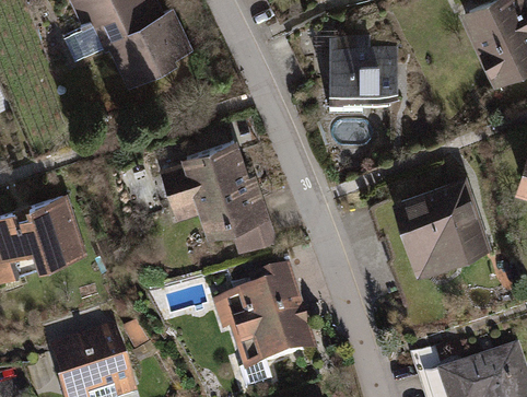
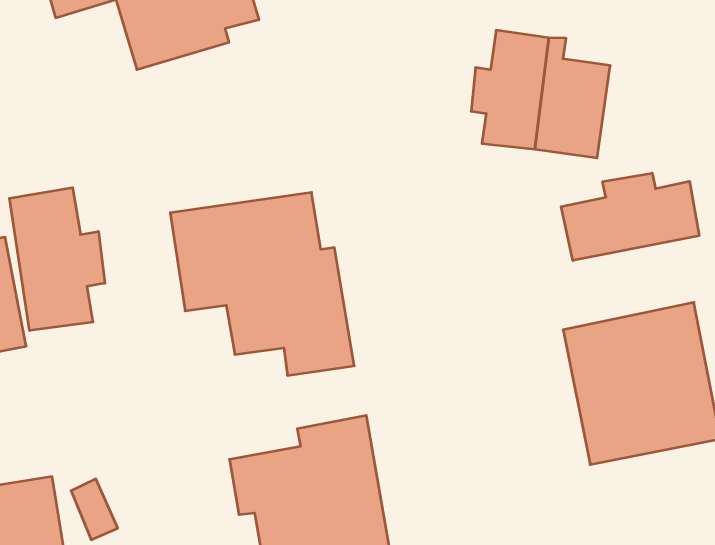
building: none -> [561,173,699,261]
building: none -> [9,188,105,331]

